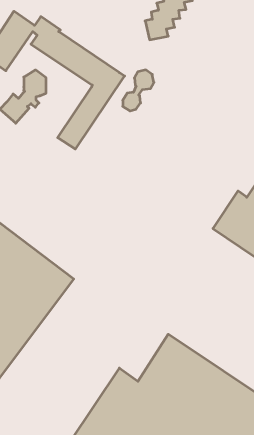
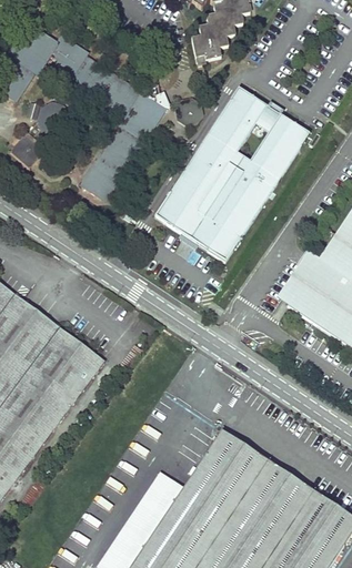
building: none -> [155,88,309,261]

